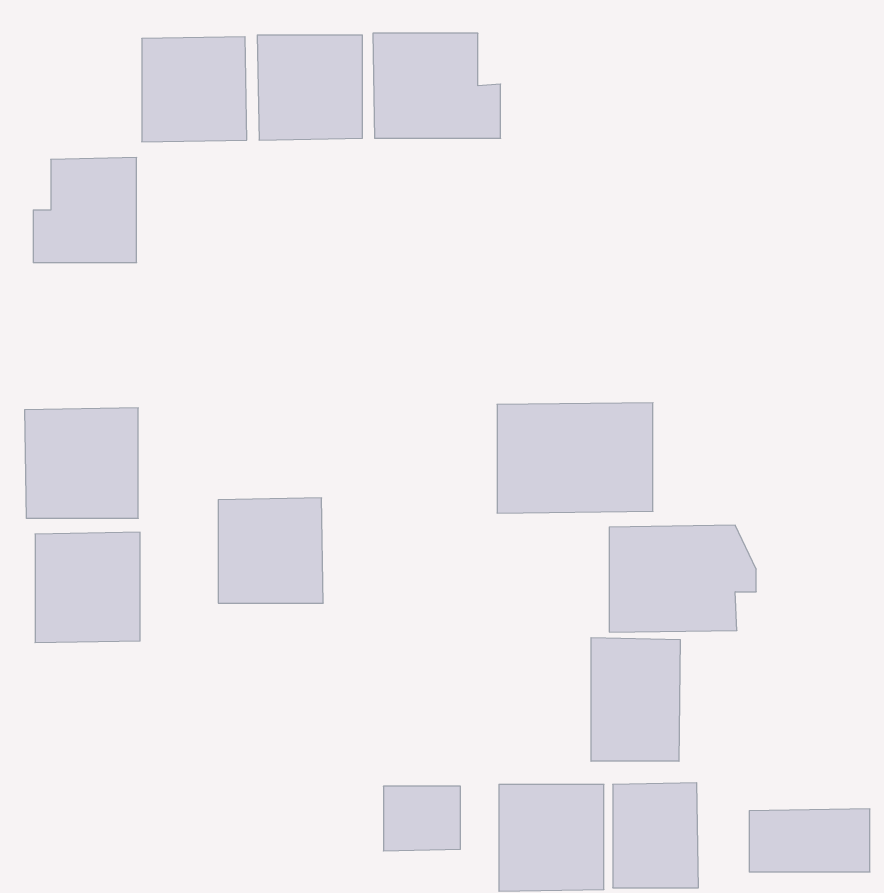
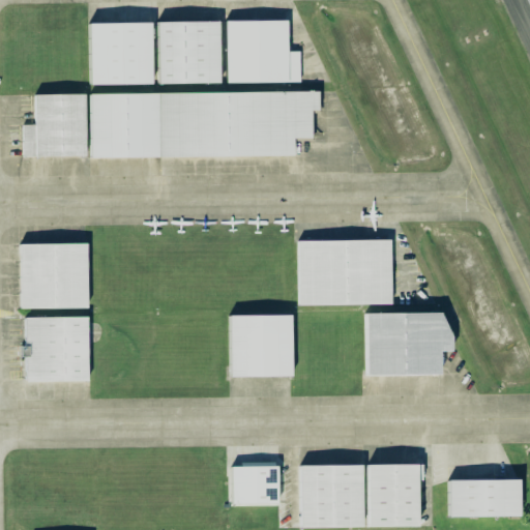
building: none -> [91,91,320,158]
building: [218,498,323,603] -> [231,314,293,376]
building: [591,638,680,761] -> none

